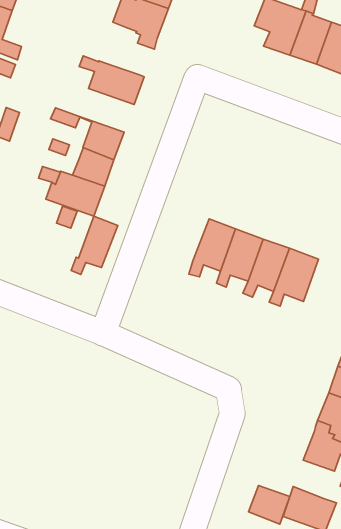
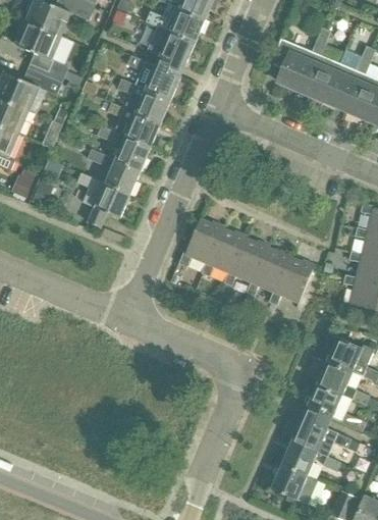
building: none -> [126,54,182,100]
building: none -> [106,101,162,147]
building: [71,216,118,275] -> [178,217,221,267]
building: [248,485,290,524] -> [280,440,317,475]

